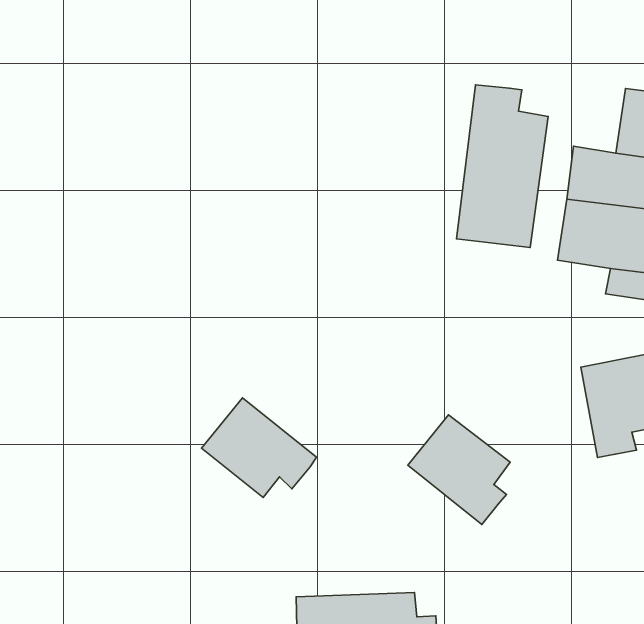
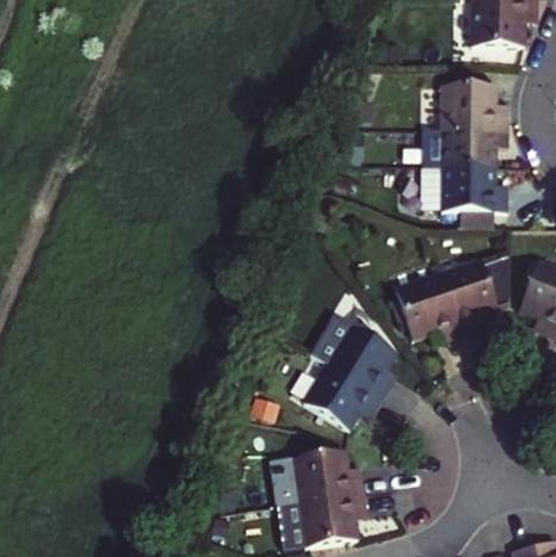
building: [456,85,548,247] -> none
building: none -> [400,278,459,347]
building: [202,398,317,497] -> [305,360,385,427]

